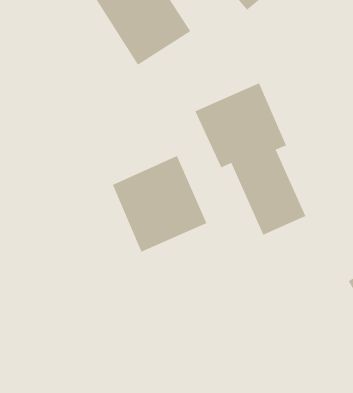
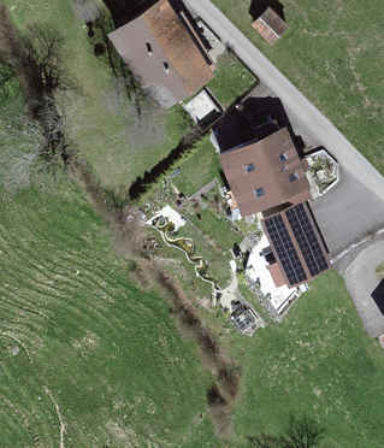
building: [112,155,207,253] -> none

